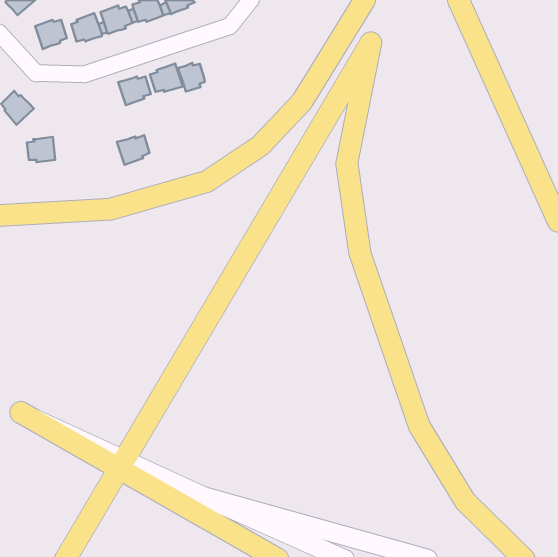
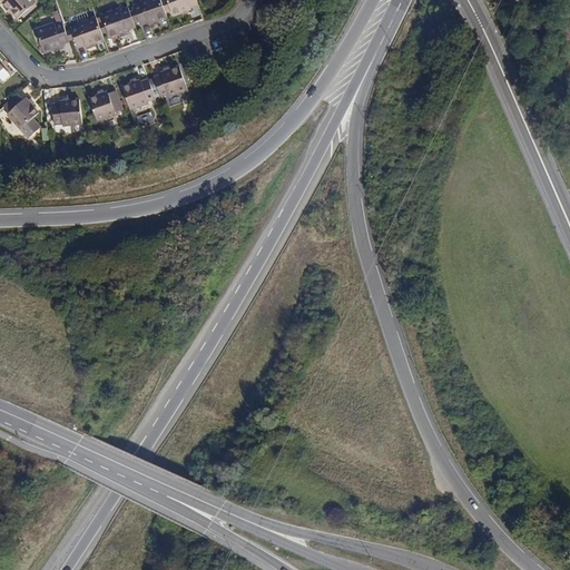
building: [178,63,205,91] -> none
building: [117,135,150,165] -> [87,90,120,120]
building: [27,137,55,162] -> [52,98,81,124]

